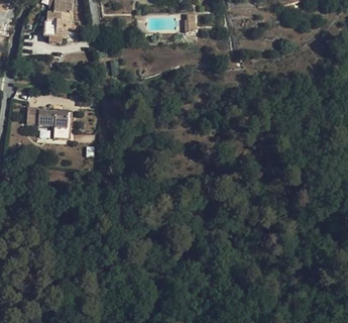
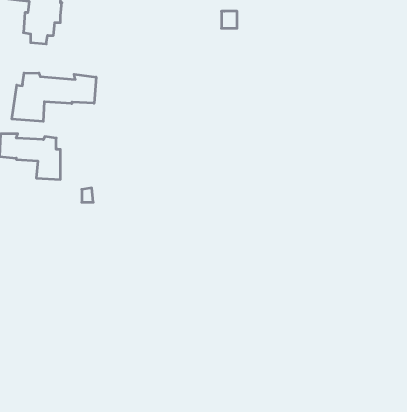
building: none -> [12,73,96,121]

